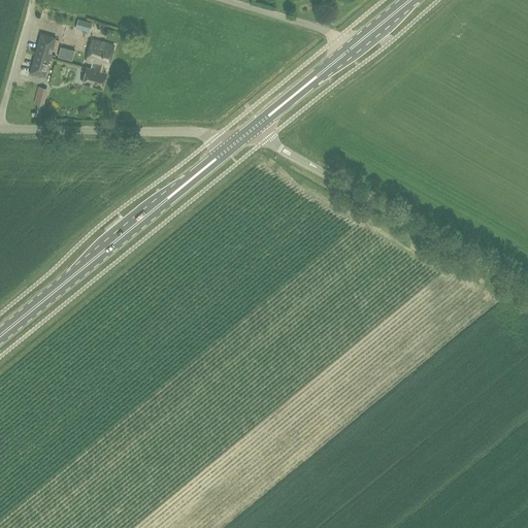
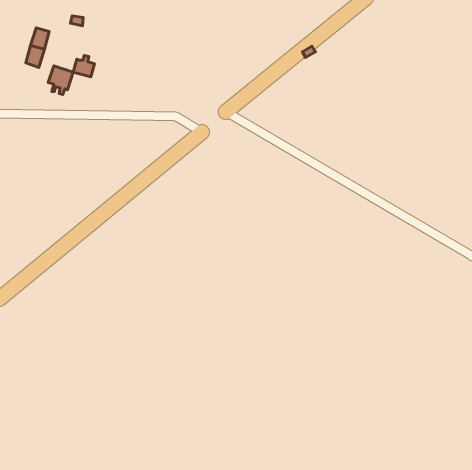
building: [86,38,113,70] -> [48,66,73,94]

